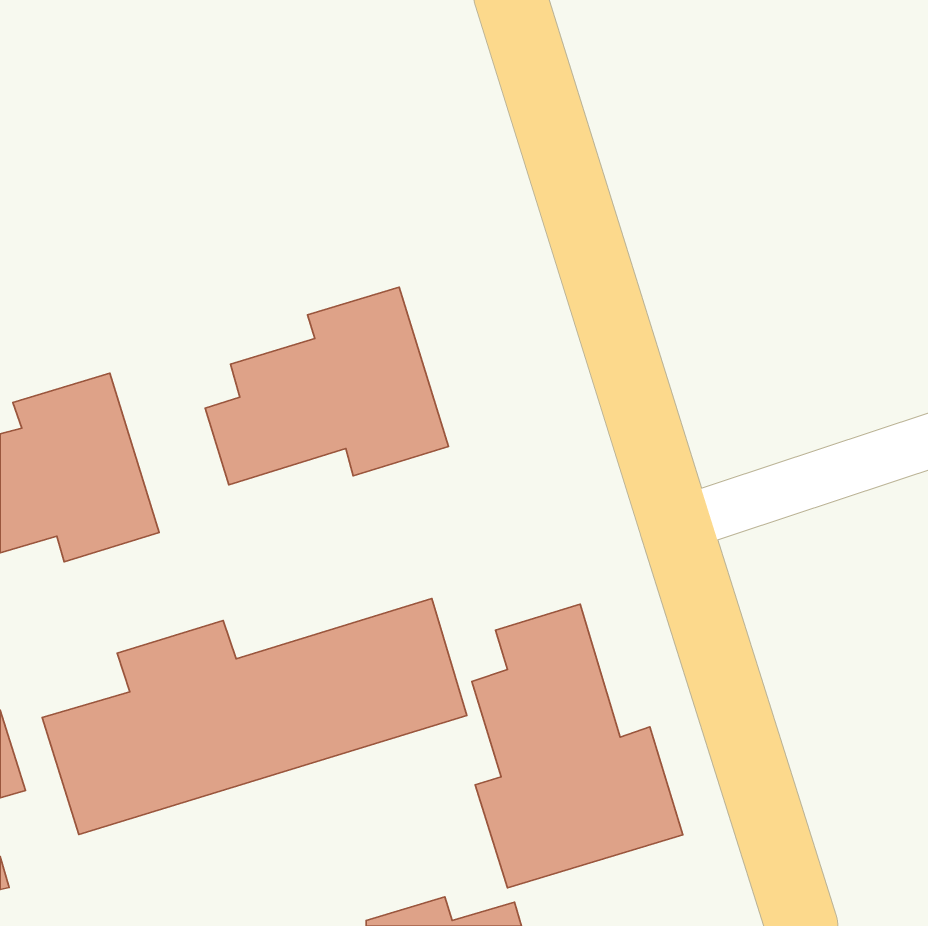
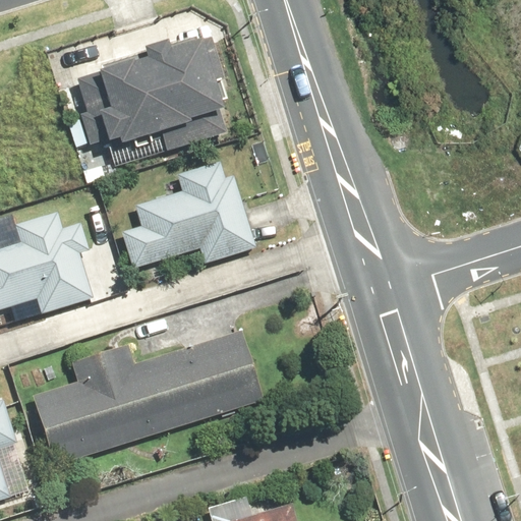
building: none -> [73,47,233,162]
building: [472,604,683,888] -> none

